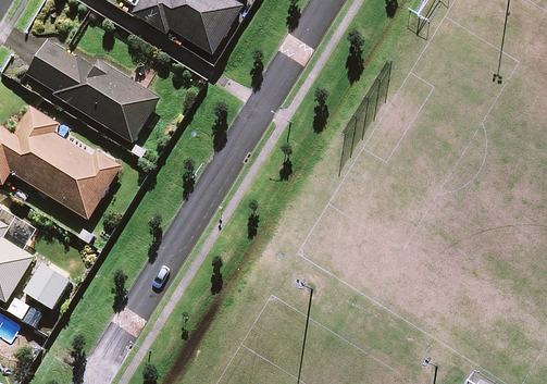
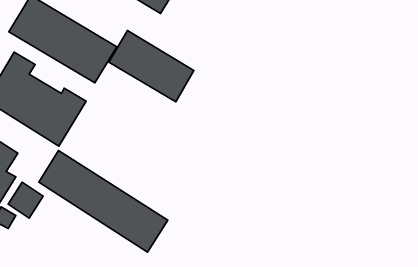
building: none -> [109,31,194,102]
building: none -> [39,150,168,252]

